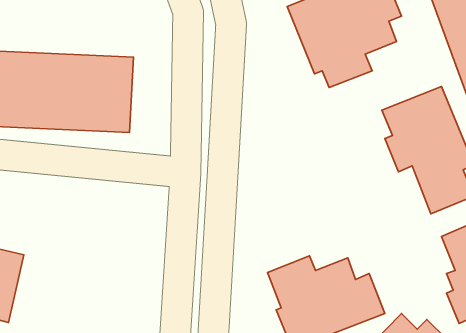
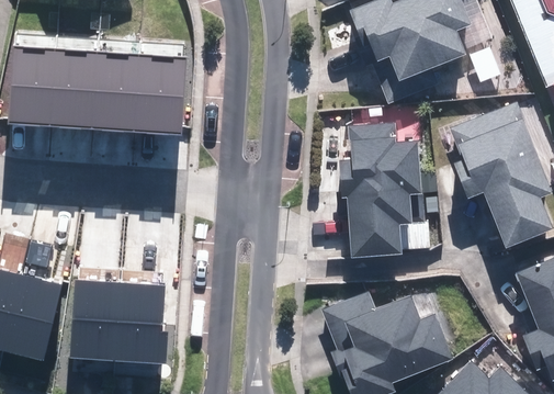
building: none -> [340,119,428,252]
building: none -> [64,289,156,367]

